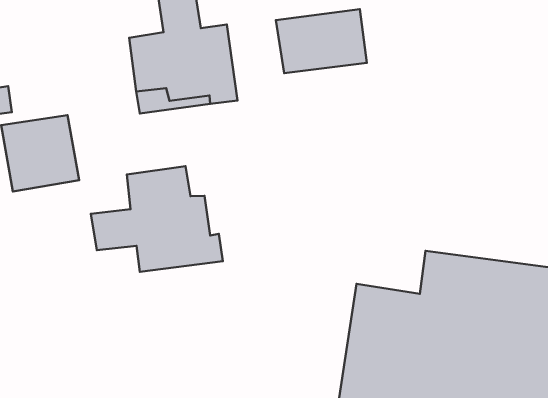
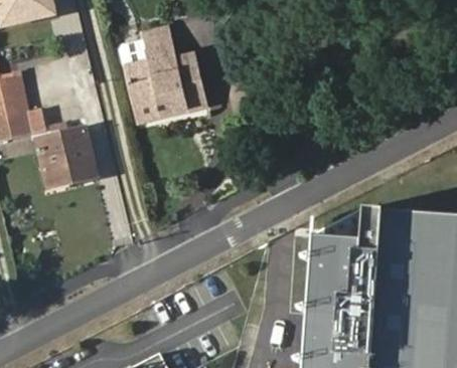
building: [276,9,367,73] -> none
building: [91,166,223,272] -> none

